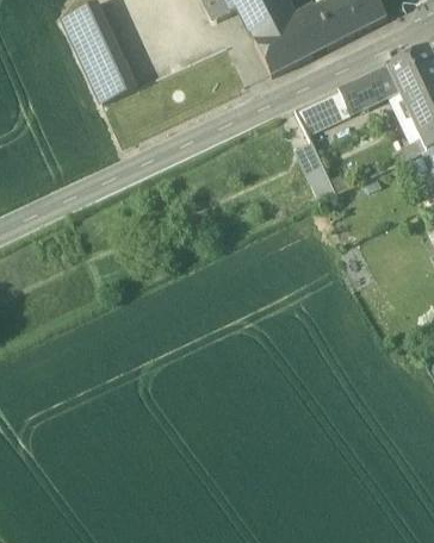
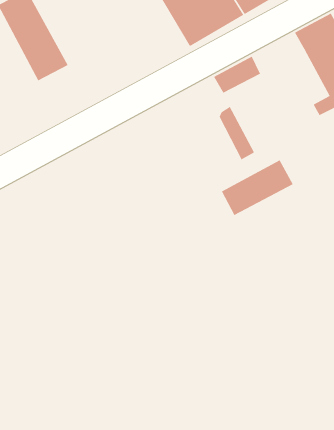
building: [339,64,396,107] -> none
building: none -> [221,160,293,216]

